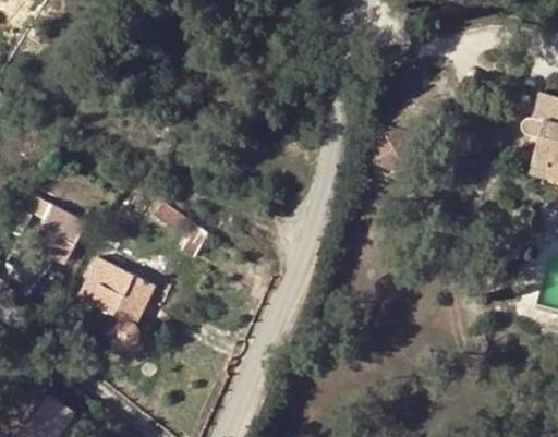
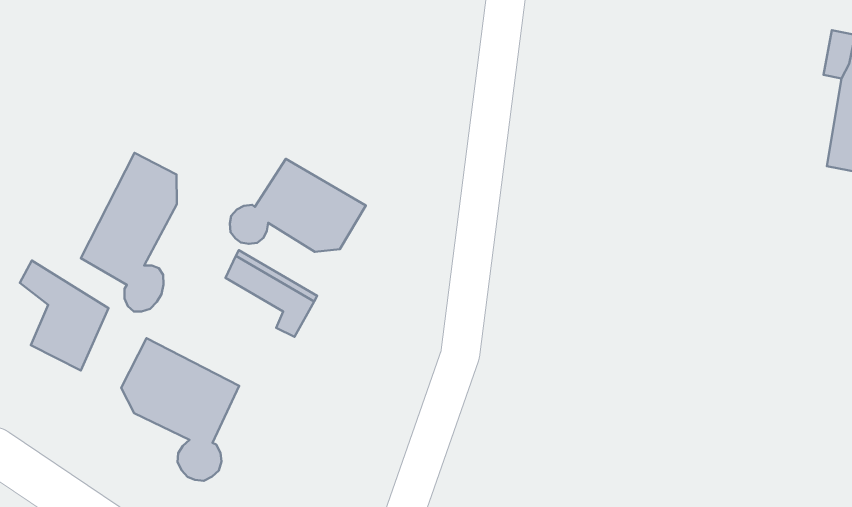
building: none -> [81,153,177,312]
building: none -> [230,159,366,252]

